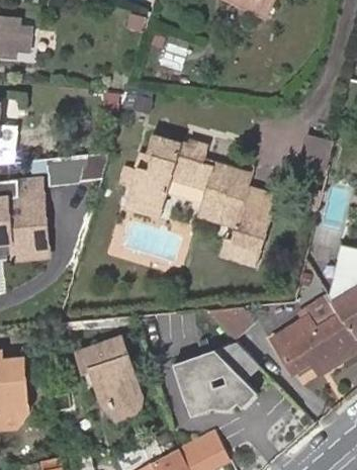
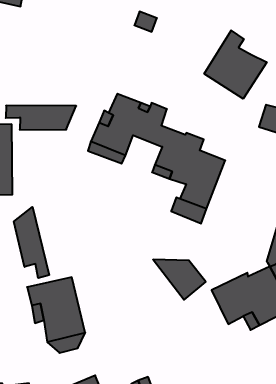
building: none -> [204,30,267,99]
building: none -> [14,207,49,278]
building: [175,350,262,414] -> none

